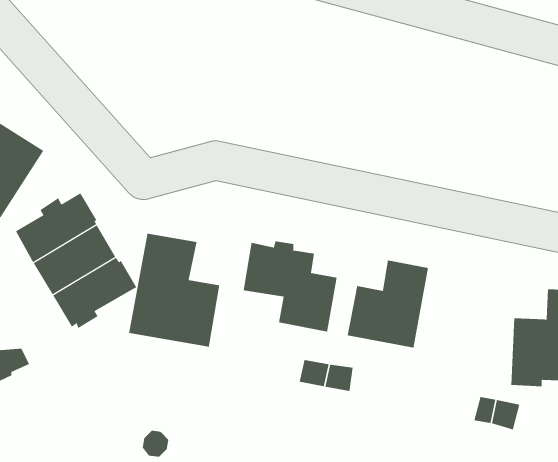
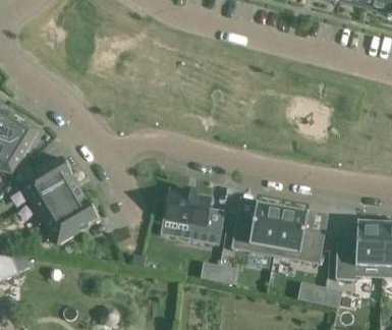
building: [128,233,220,348] -> none
building: none -> [274,205,324,264]

